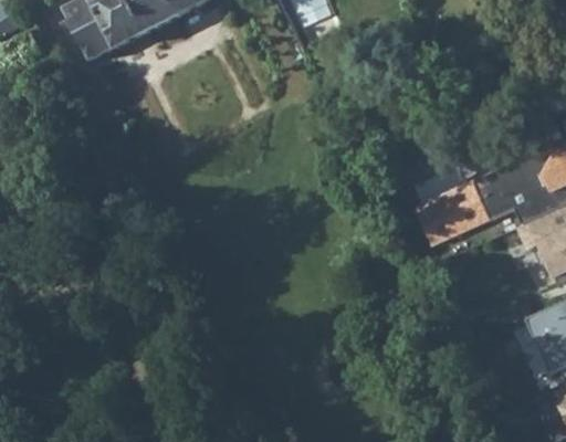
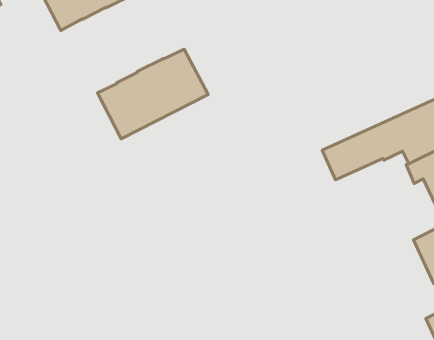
building: none -> [98,49,208,139]

